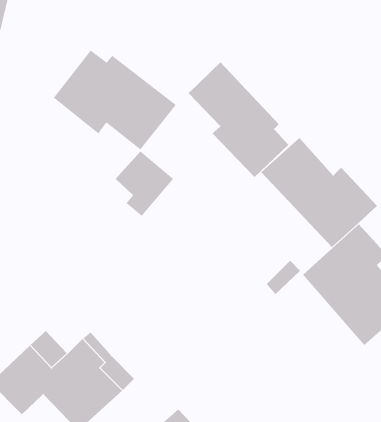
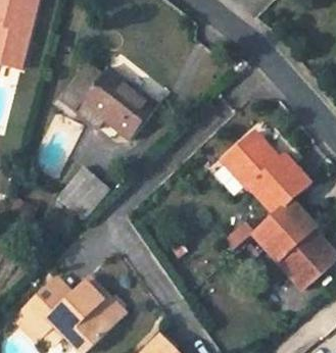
building: [188,61,289,178] -> none
building: [115,151,174,217] -> [64,168,109,218]

